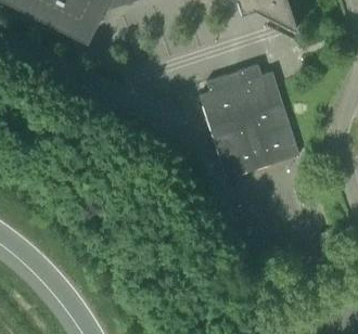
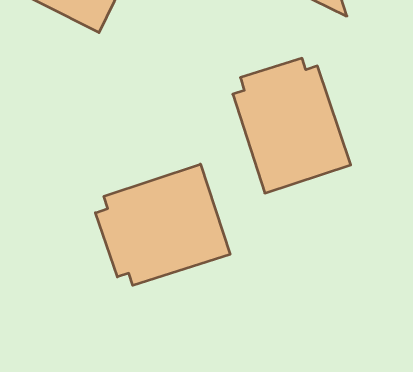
building: none -> [95,164,230,285]

